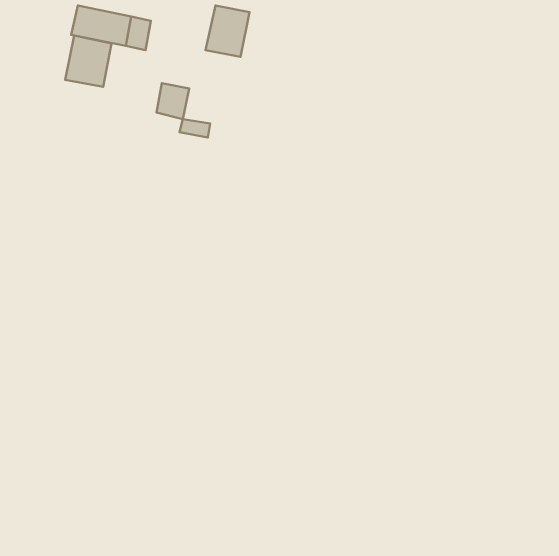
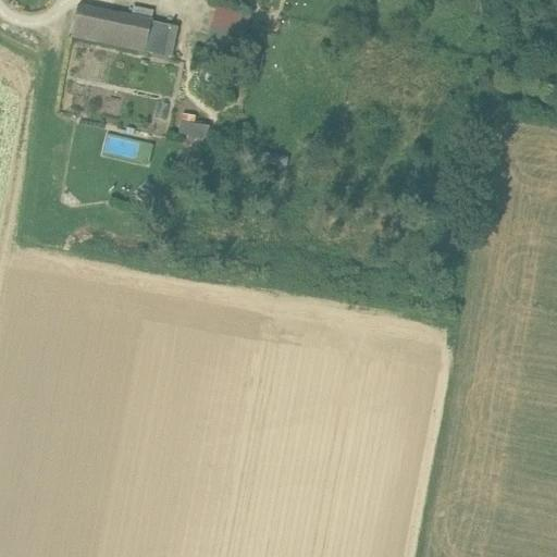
building: [65,36,112,87] -> none
building: [156,83,189,119] -> [145,21,177,57]

